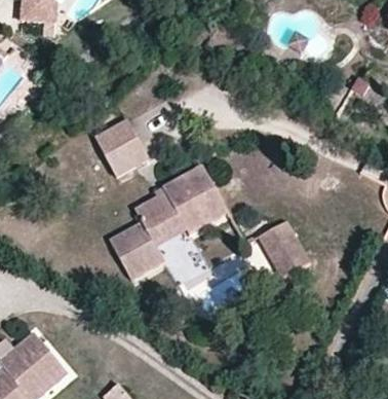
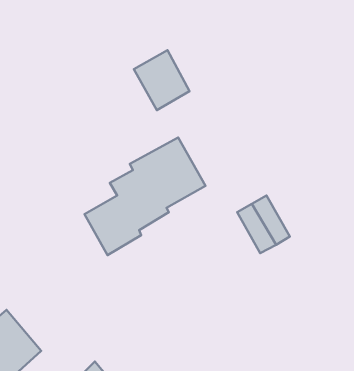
building: [94,117,149,176] -> [134,50,190,110]

